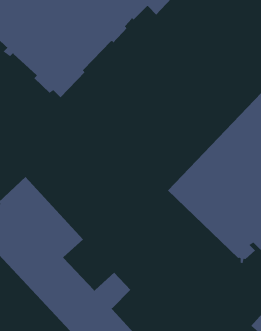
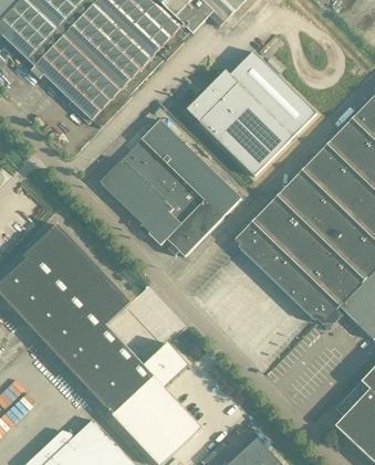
building: none -> [186,51,316,176]
building: none -> [100,119,240,256]

